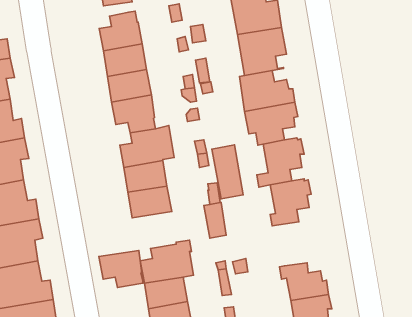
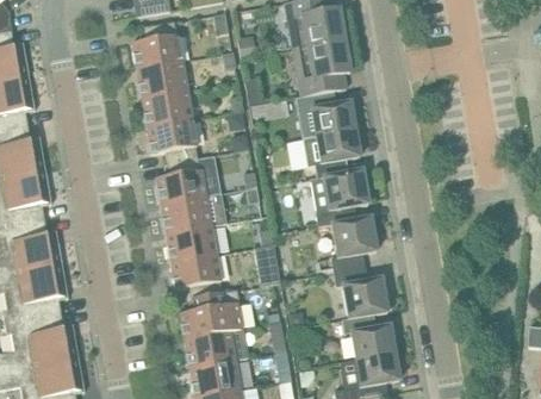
building: [212,145,243,199] -> none
building: none -> [334,267,392,318]
building: [99,251,143,287] -> [170,255,222,298]

